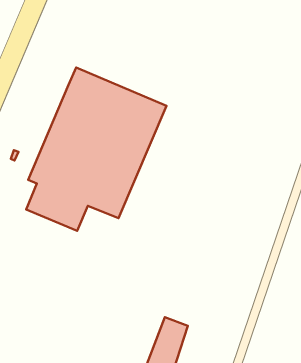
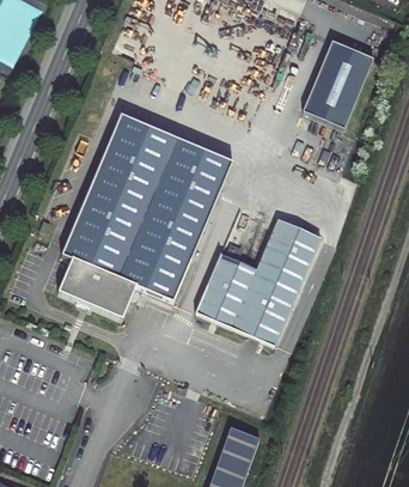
building: none -> [303,38,373,127]
building: none -> [196,217,321,343]

